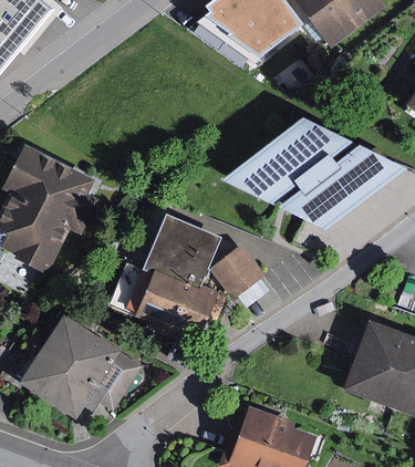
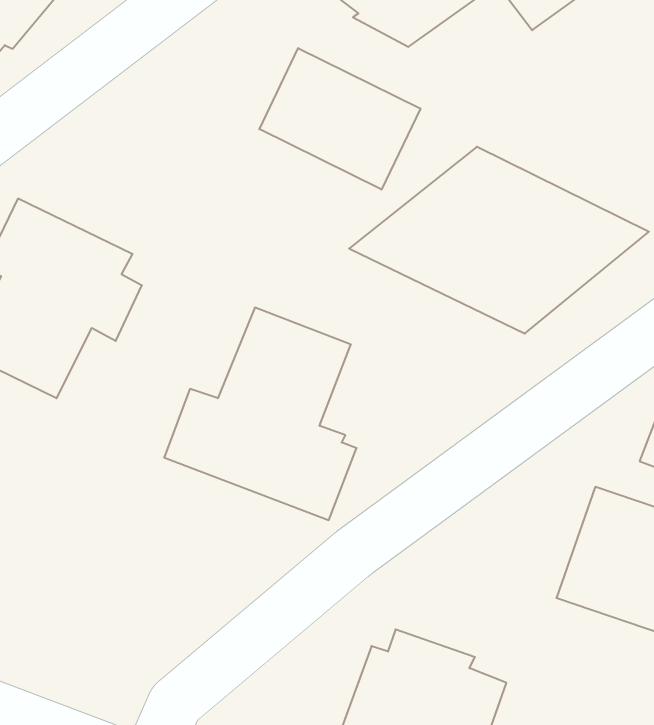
building: none -> [259,48,420,190]
building: [211,246,263,297] -> none
building: [23,318,141,415] -> none

